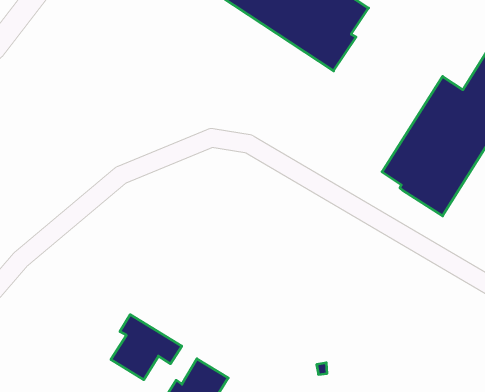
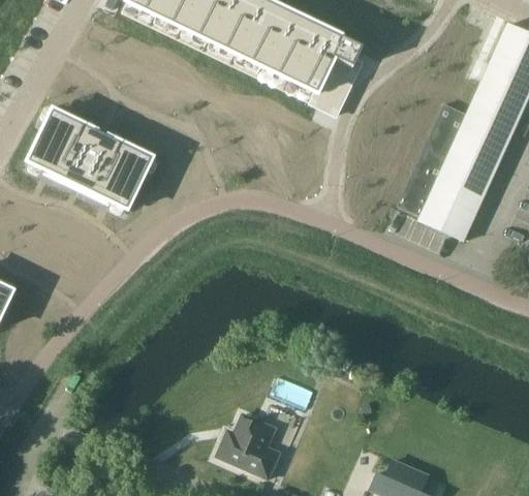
building: none -> [30,109,154,207]
building: [111,315,182,380] -> none

